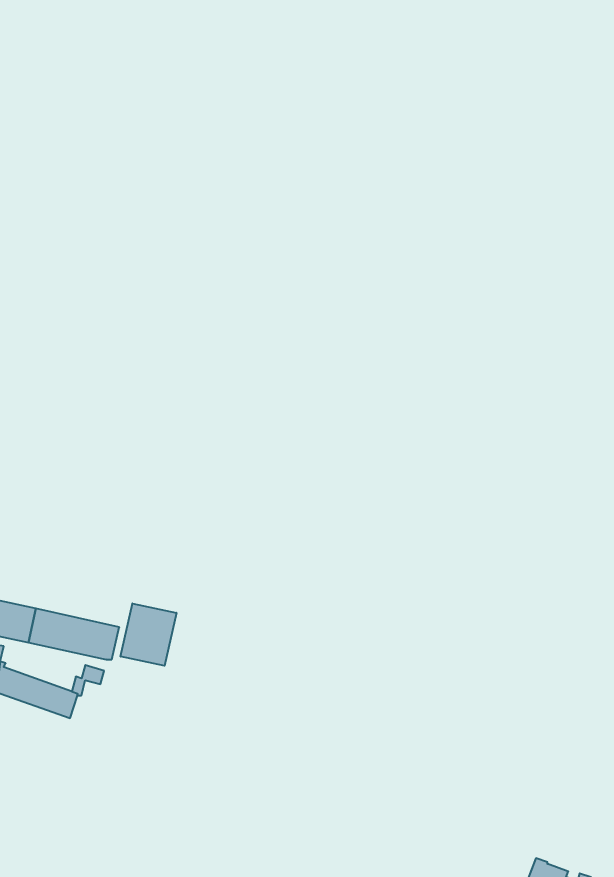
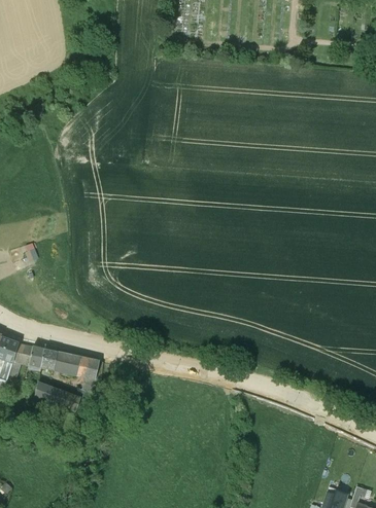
building: [121,603,176,666] -> none

